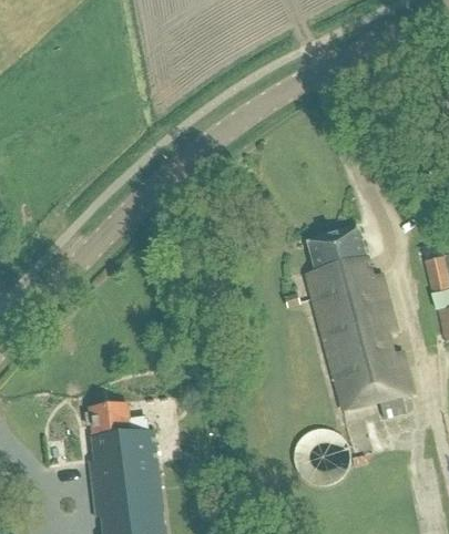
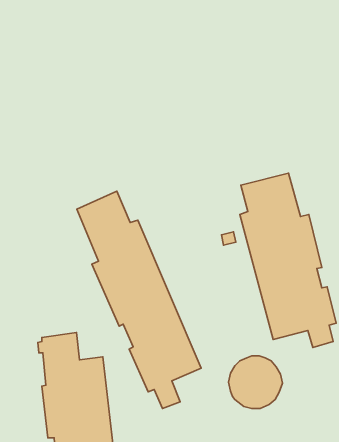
building: none -> [77,191,201,408]

